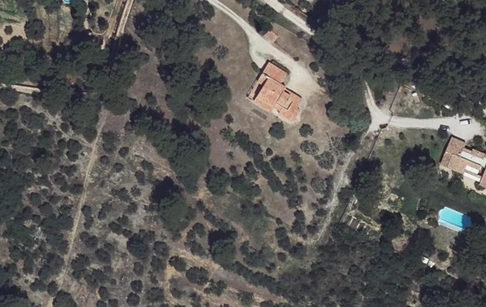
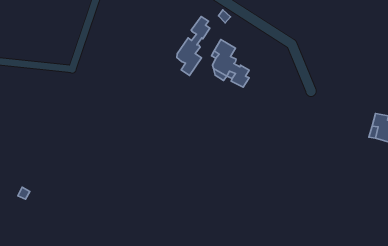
building: none -> [177,17,210,75]

